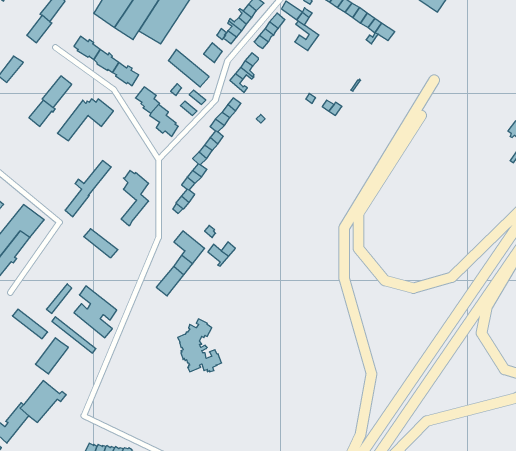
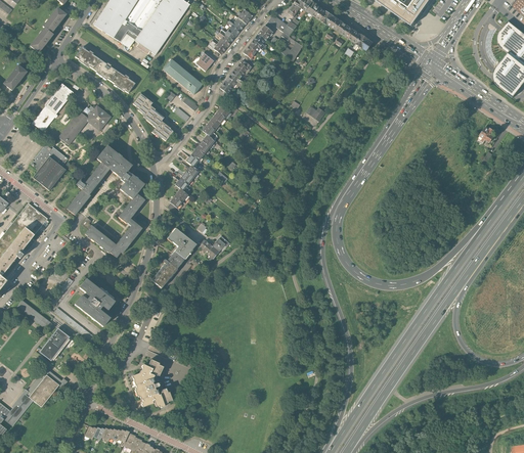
building: none -> [29,141,68,190]
building: none -> [97,145,132,178]
building: none -> [110,218,141,257]
building: [178,319,222,372] -> [131,358,172,407]

